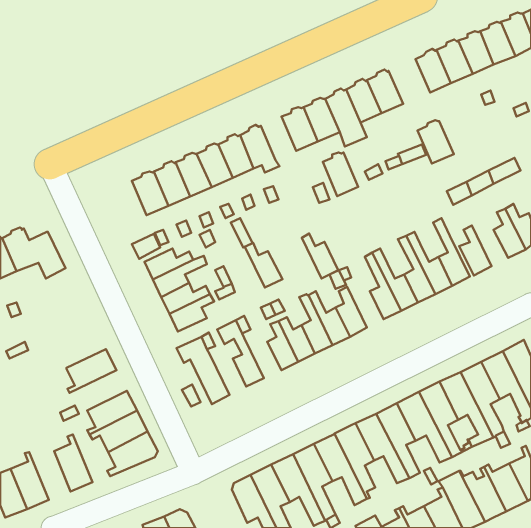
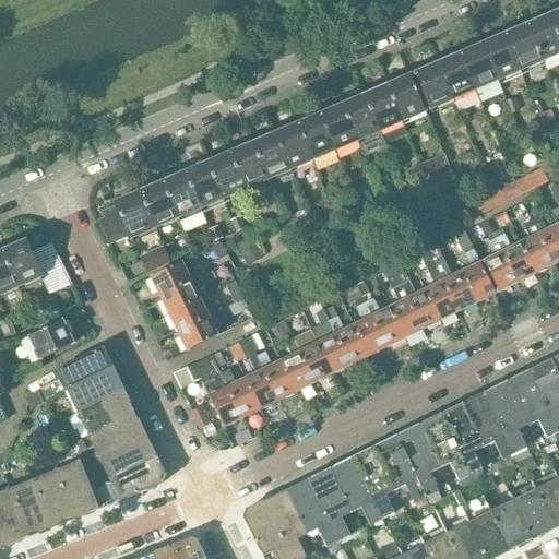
building: [417,120,454,164] -> [414,61,452,107]
building: [323,153,358,196] -> [274,122,311,168]
building: none -> [97,190,154,243]
building: none -> [496,233,534,280]
building: [302,234,338,278] -> [365,297,403,344]
building: [245,243,282,288] -> [257,350,296,397]
building: none -> [28,318,74,358]
building: none -> [37,347,111,402]
building: none -> [221,368,259,415]
building: none -> [73,389,133,431]
building: none -> [31,473,74,525]

